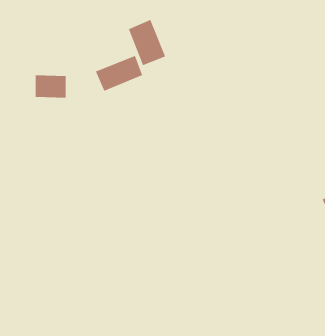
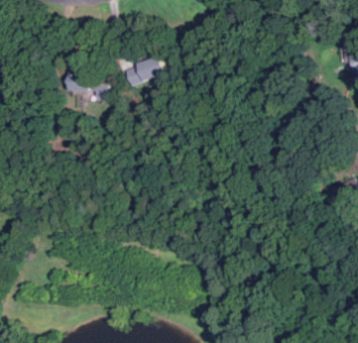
building: [128,19,166,66] -> none

